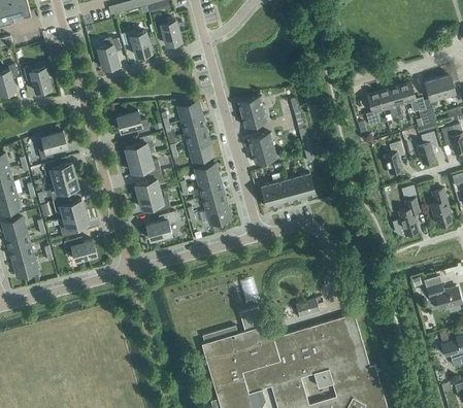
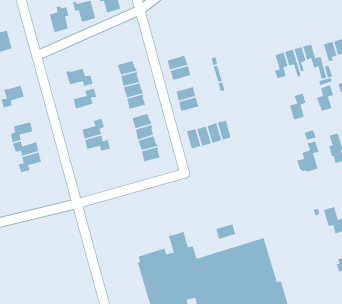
building: [128,155,160,174] -> none
building: [42,161,74,180] -> none
building: [146,211,177,240] -> none
building: [63,238,97,261] -> none

